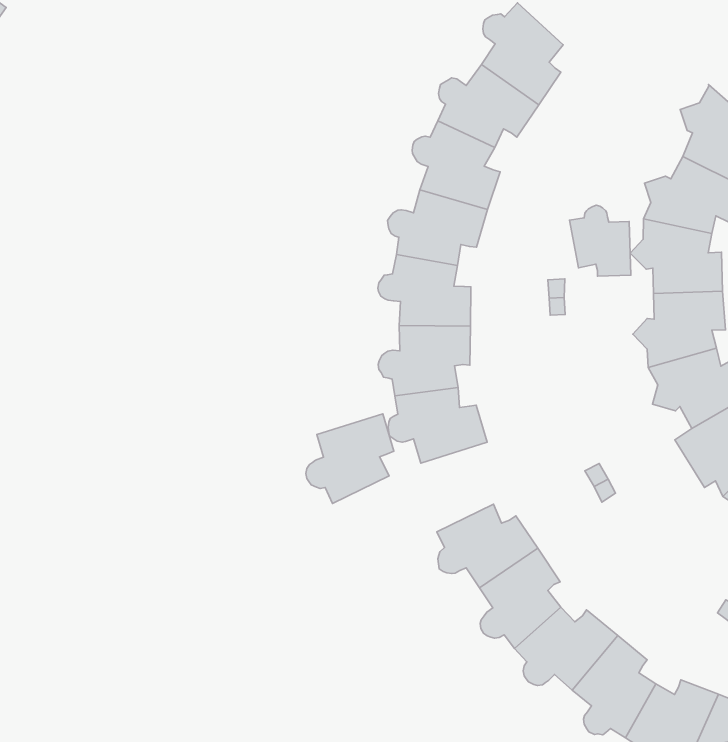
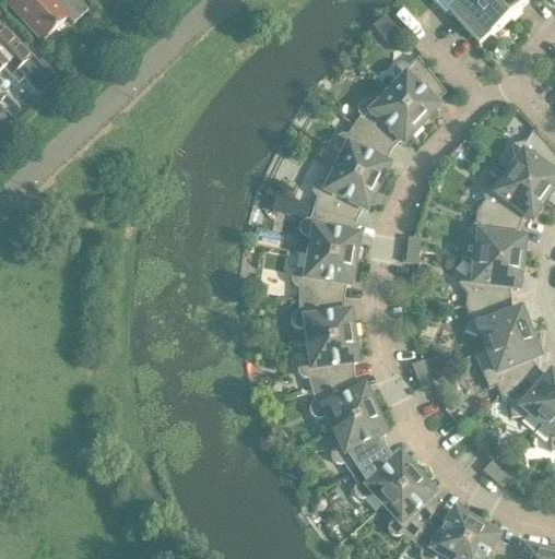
building: [569,205,631,276] -> none
building: [306,414,394,503] -> [297,334,356,386]

